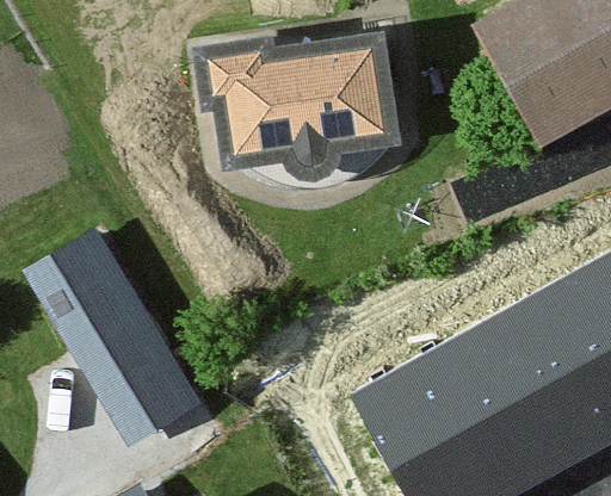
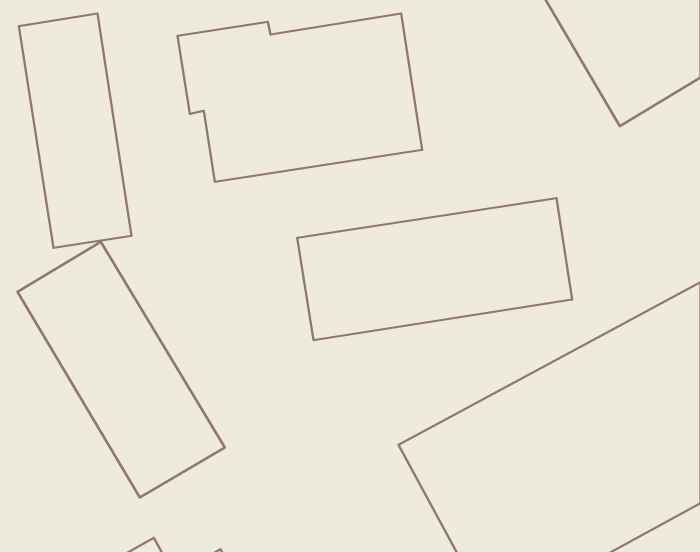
building: none -> [19,13,132,248]
building: none -> [297,198,572,340]

